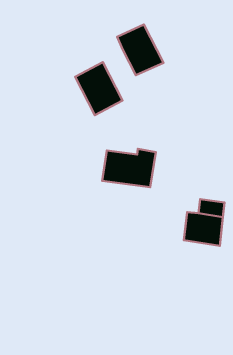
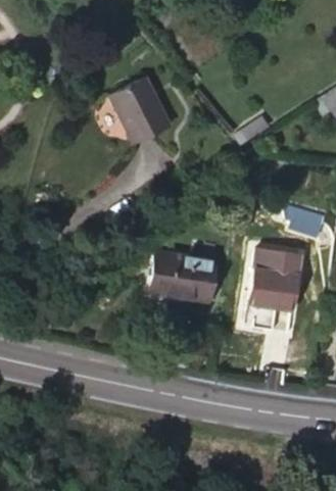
building: [117,25,163,75] -> none
building: [102,149,156,187] -> [149,250,217,298]

